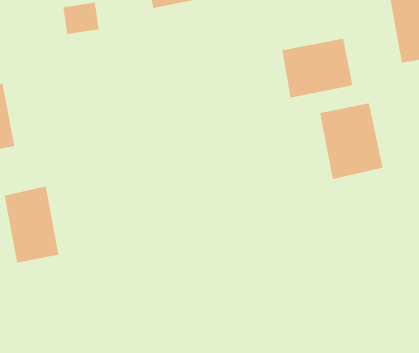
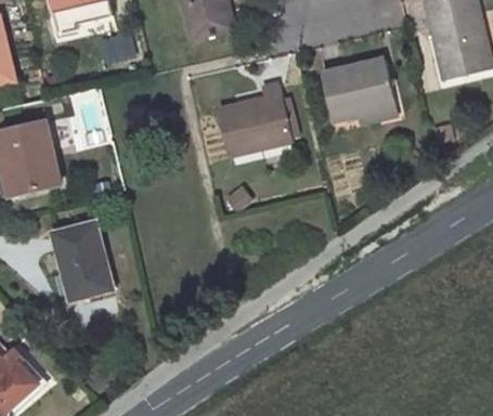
building: none -> [218,81,291,154]
building: [319,103,383,180] -> none

